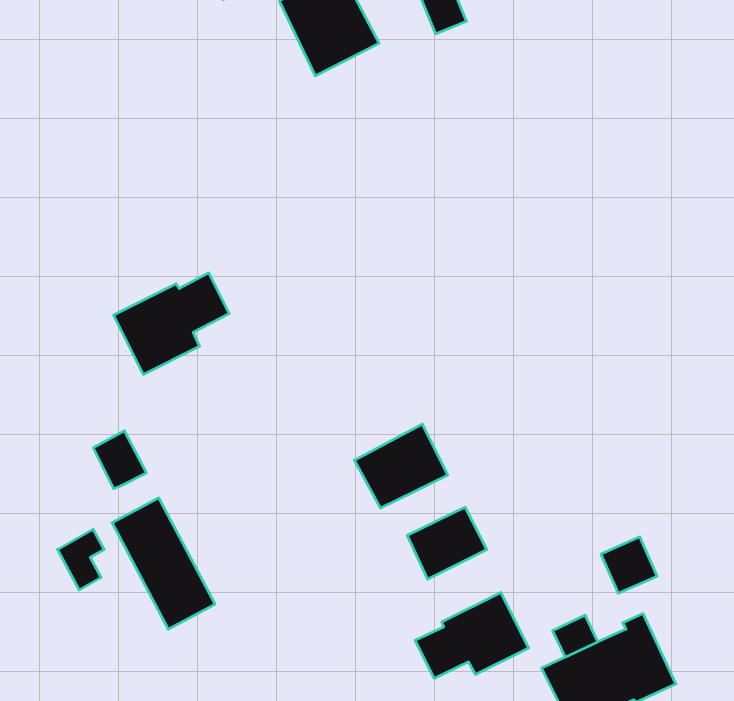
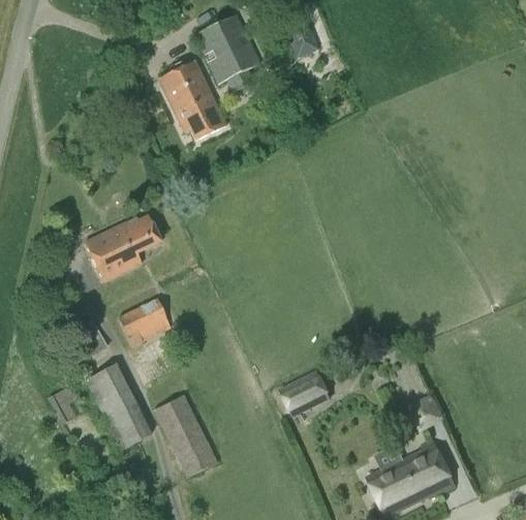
building: none -> [157,60,225,146]
building: none -> [118,298,171,346]
building: [354,424,448,508] -> none
building: none -> [153,395,218,478]
building: [415,592,529,678] -> none

